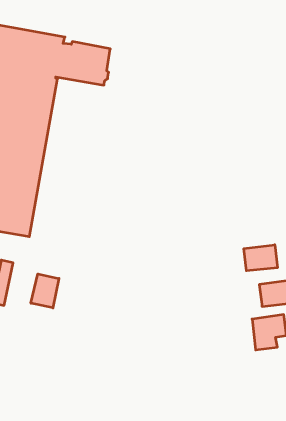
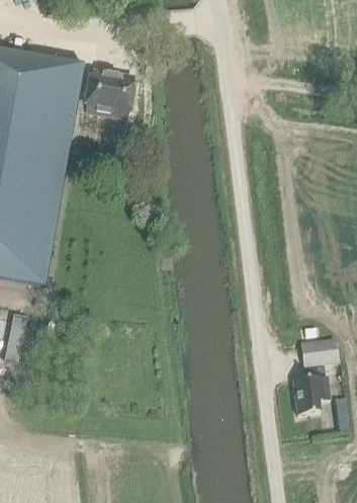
building: [244,245,277,271] -> none
building: [31,274,59,308] -> none

